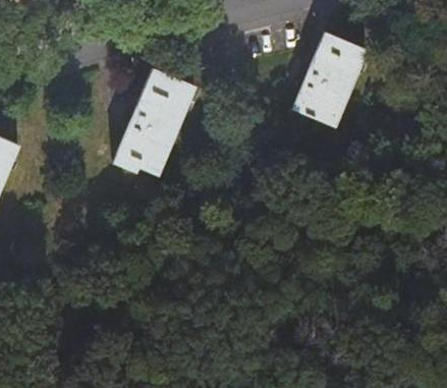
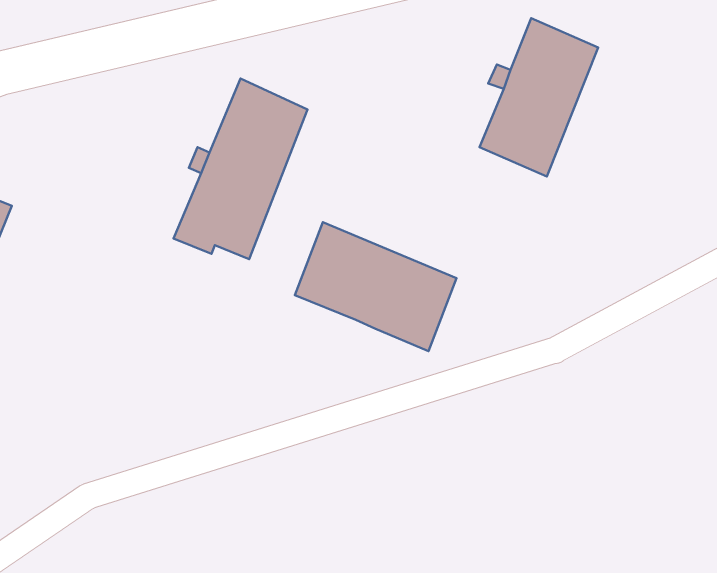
building: none -> [295,222,456,351]

